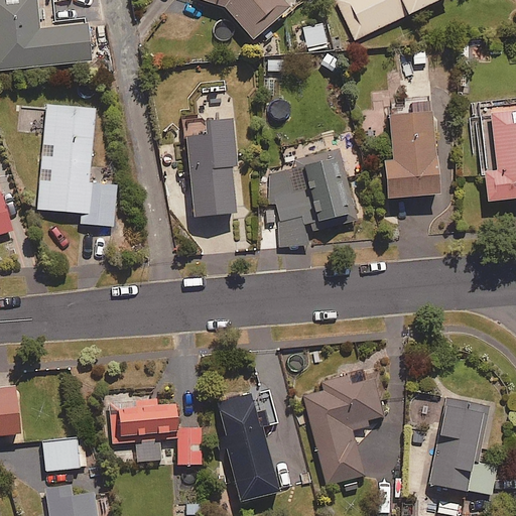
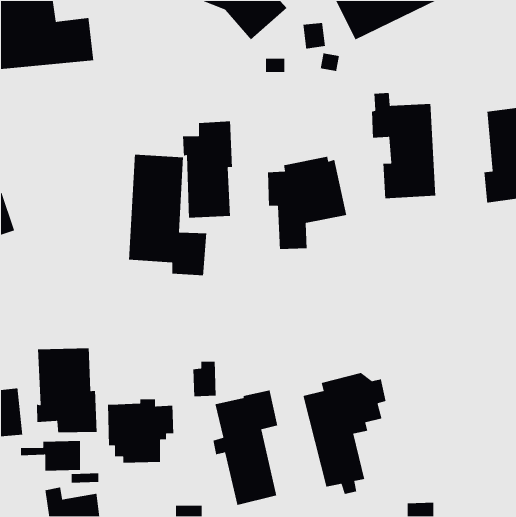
building: [40,104,119,226] -> [128,154,207,276]
building: none -> [36,347,97,433]
building: [429,403,496,496] -> none
building: [176,429,201,466] -> [192,361,217,397]

